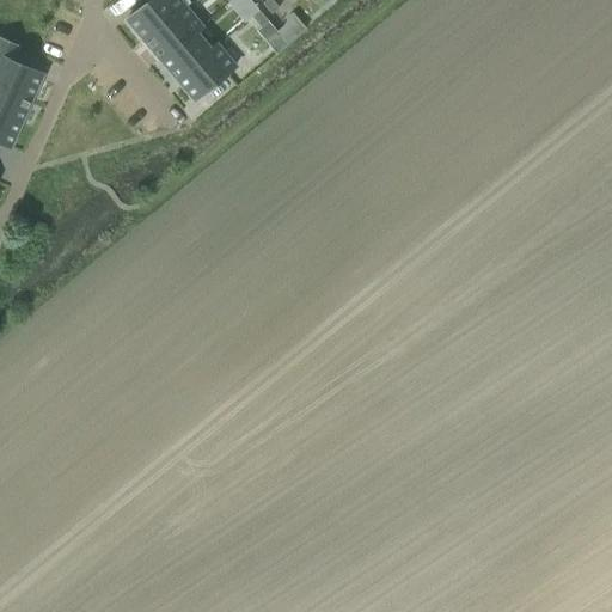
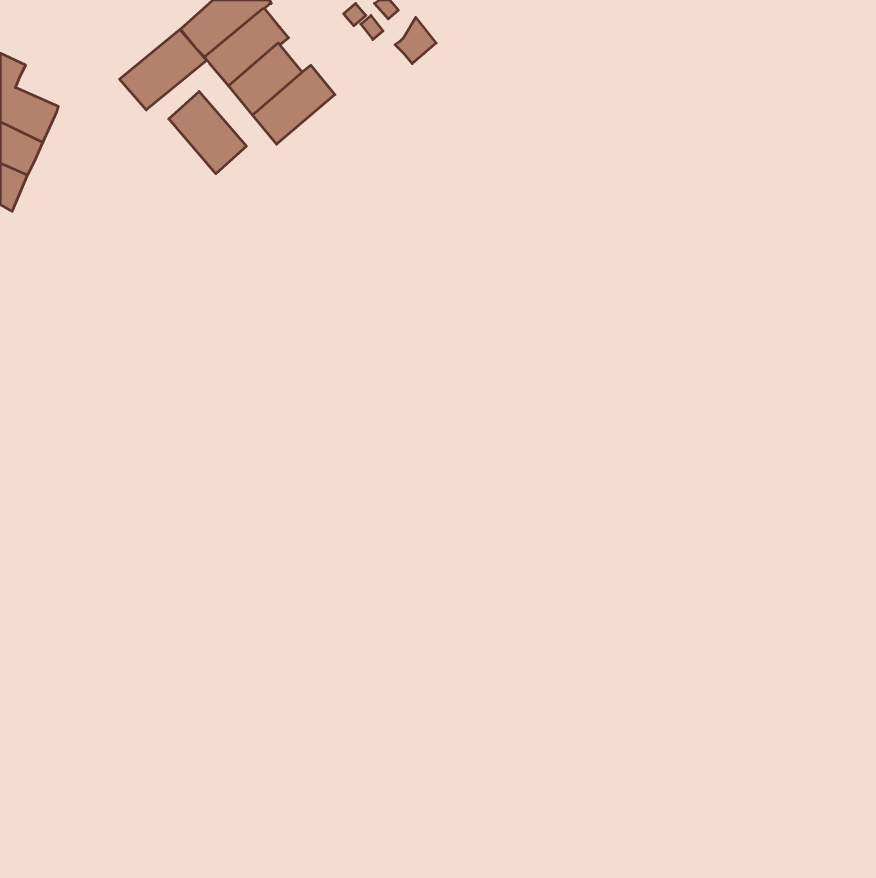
building: none -> [120,30,206,110]
building: none -> [169,91,246,174]

